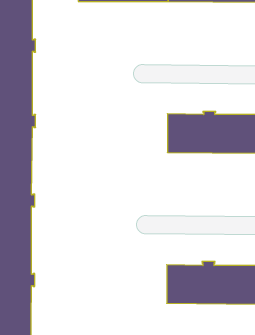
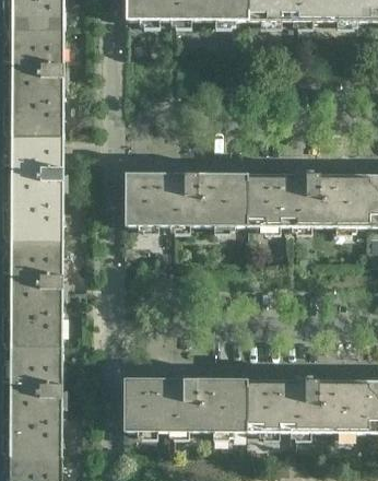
building: none -> [125,169,247,226]
building: none -> [123,375,246,432]

